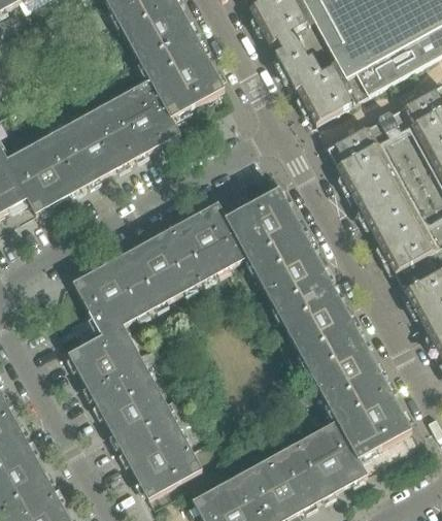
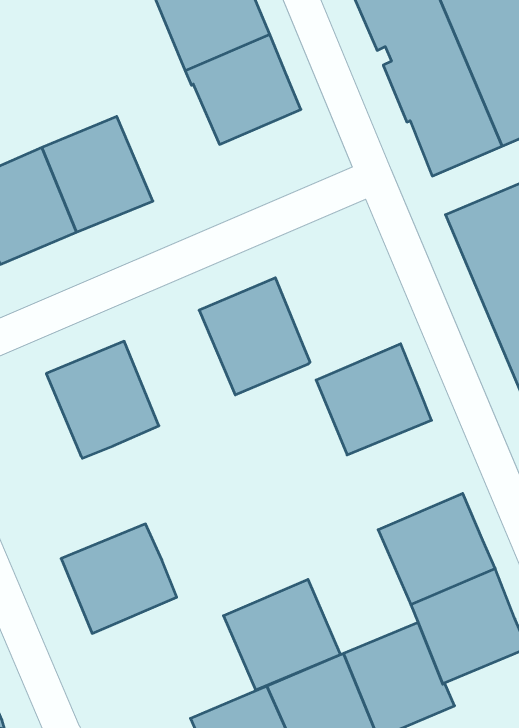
building: [102,78,180,159] -> none
building: [227,188,306,266] -> none
building: [123,228,200,307] -> none
building: [278,285,358,361] -> none
building: [68,324,149,402] -> none
building: [122,420,202,497] -> [223,579,341,691]

